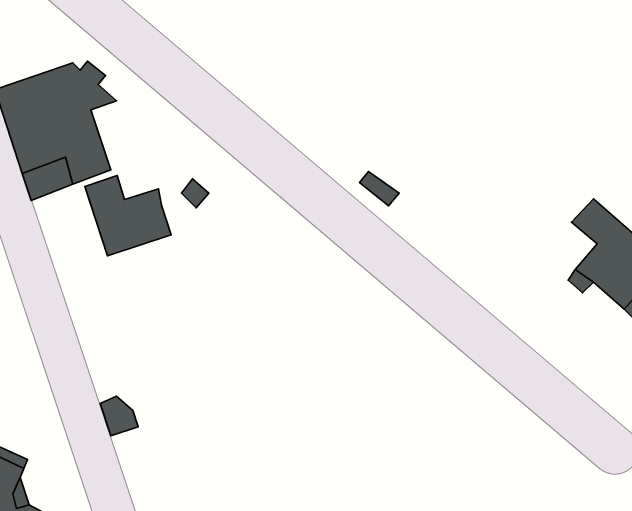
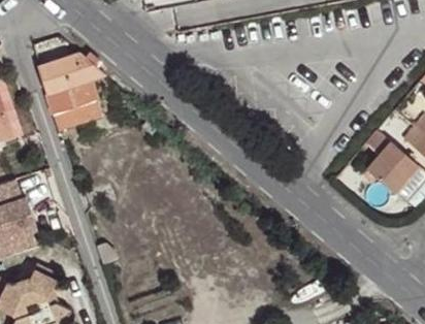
building: [85,175,171,256] -> none

